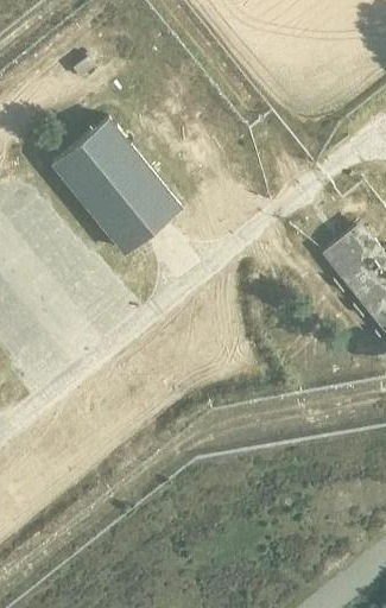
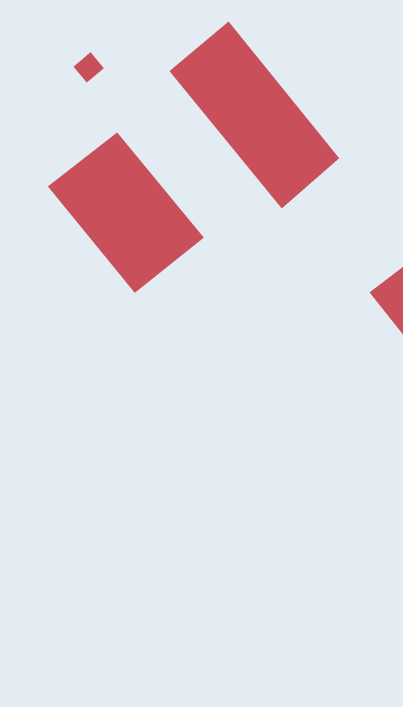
building: none -> [169,21,340,209]

